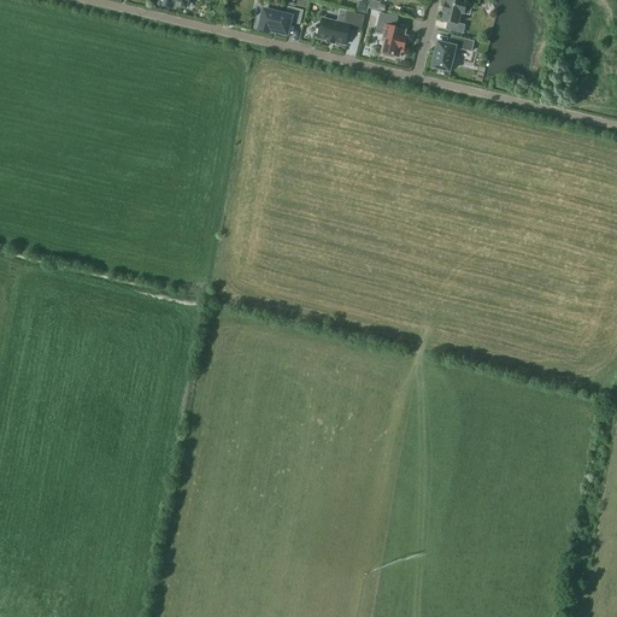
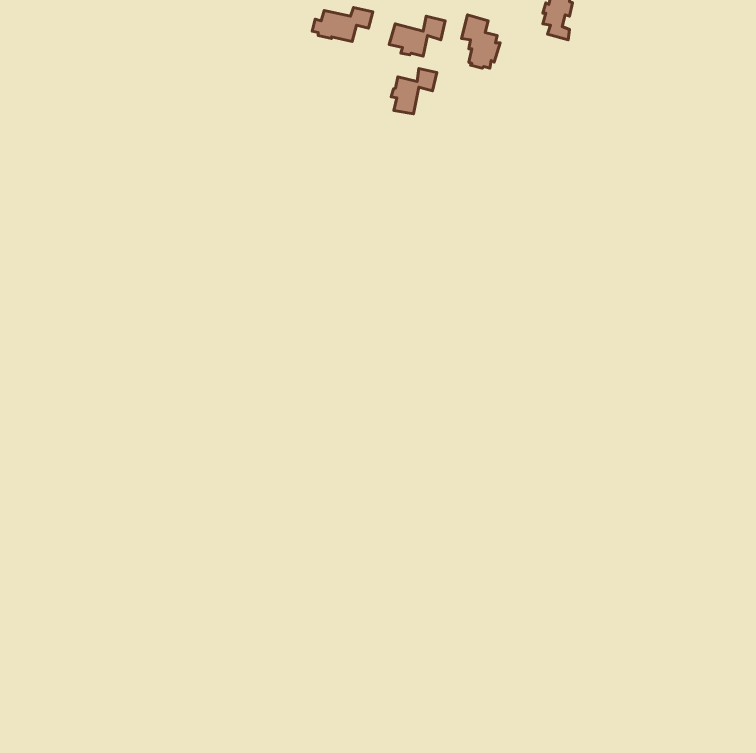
building: [431,35,474,71] -> none
building: none -> [391,69,437,114]

